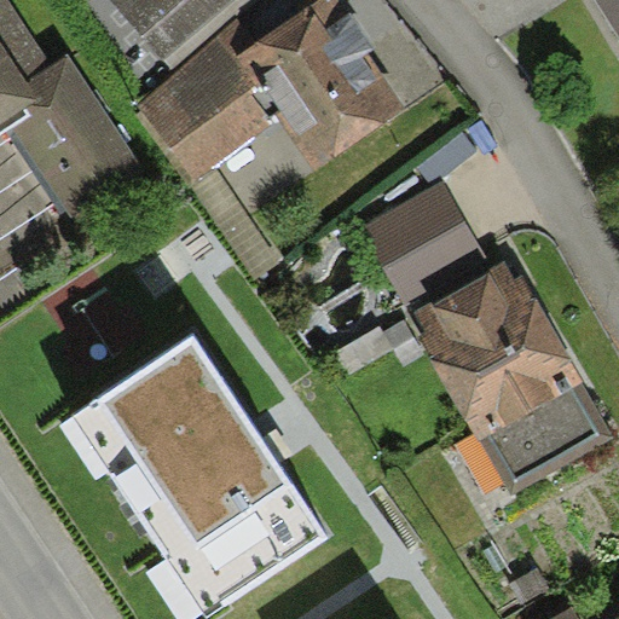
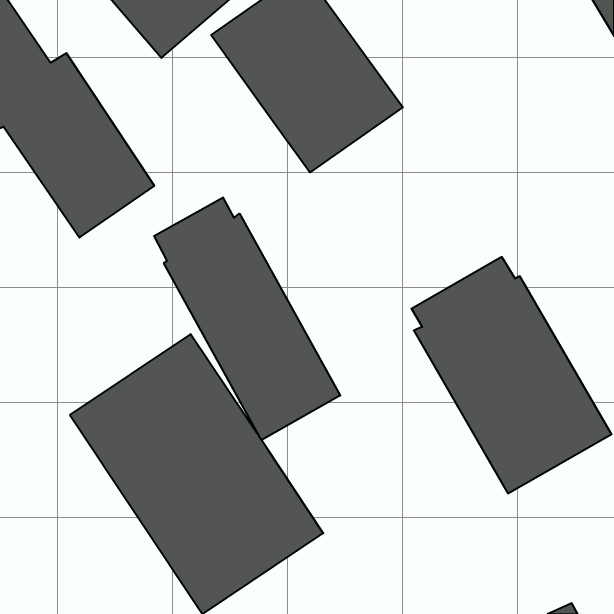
building: [135,35,273,180] -> none
building: [359,180,485,303] -> none
building: none -> [154,197,340,440]

